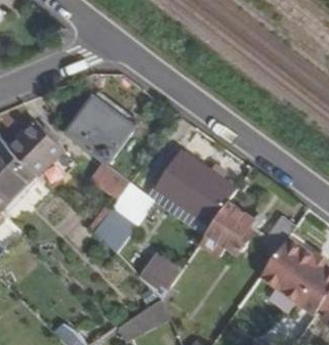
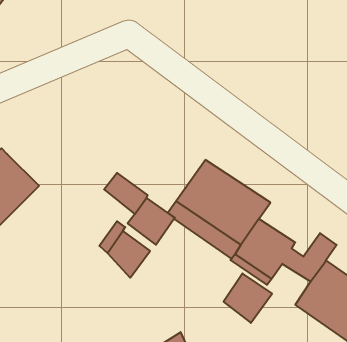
building: [70,96,133,161] -> none
building: [8,122,64,175] -> none
building: [139,252,181,295] -> [224,273,272,323]

